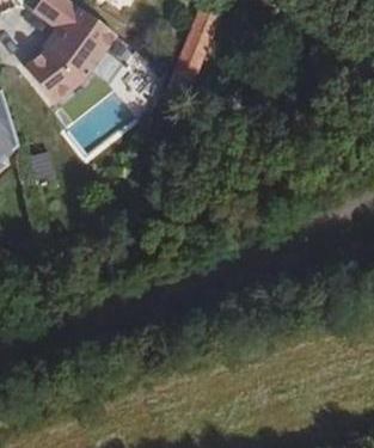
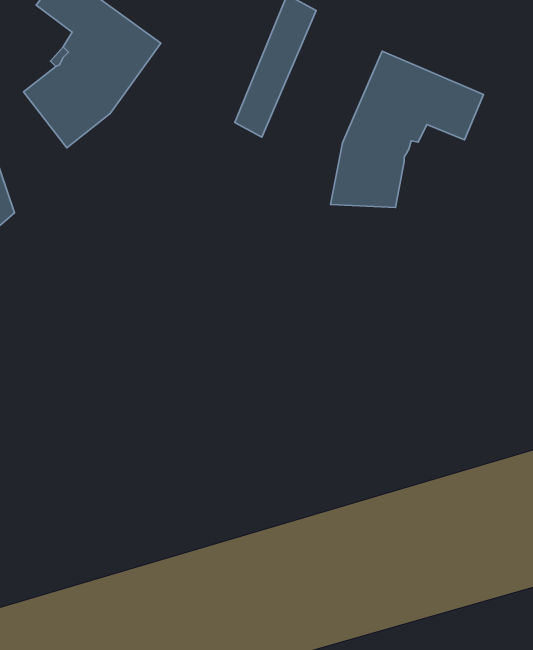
building: none -> [330,51,483,208]

